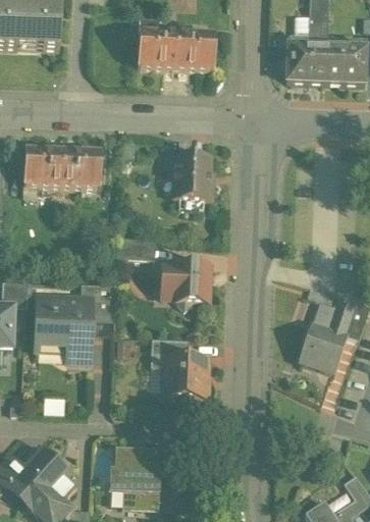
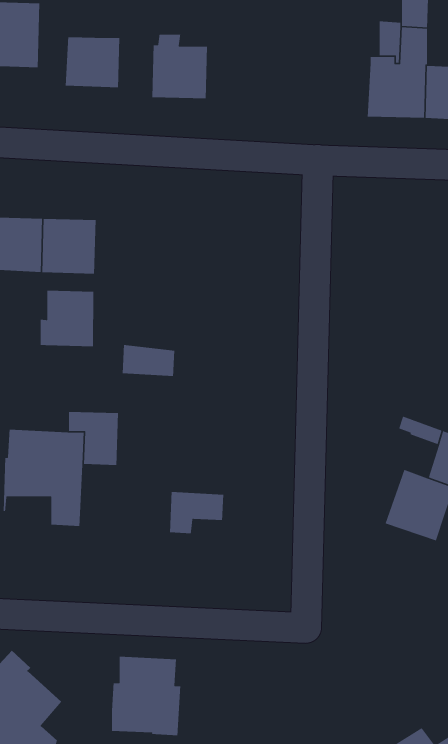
building: none -> [65,36,120,88]
building: [176,29,215,70] -> none
building: [174,155,214,201] -> none
building: none -> [40,290,94,347]
building: [161,265,211,310] -> none
building: [165,358,209,399] -> none

